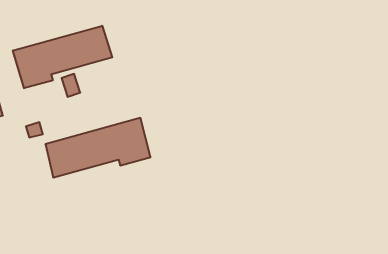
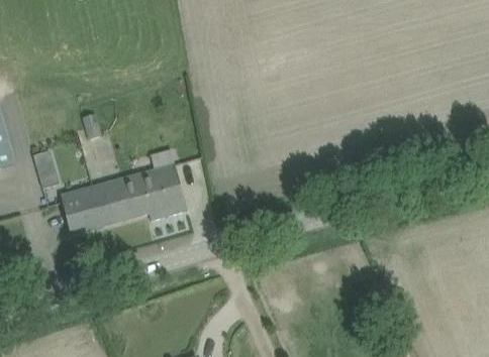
building: [13,26,112,88] -> none

